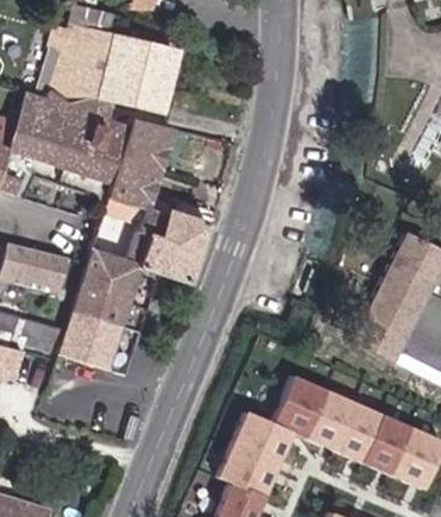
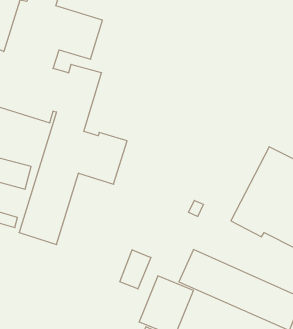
building: none -> [120,250,151,289]

